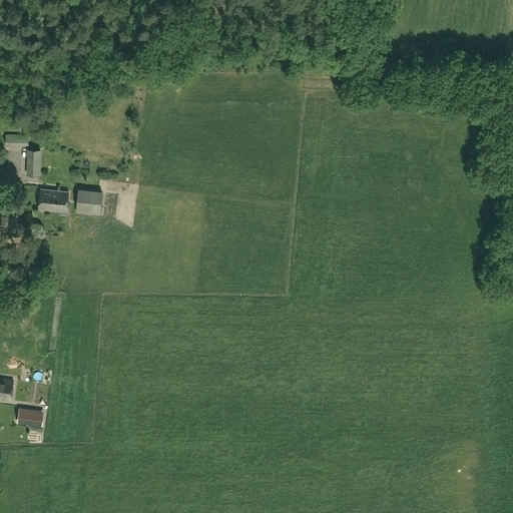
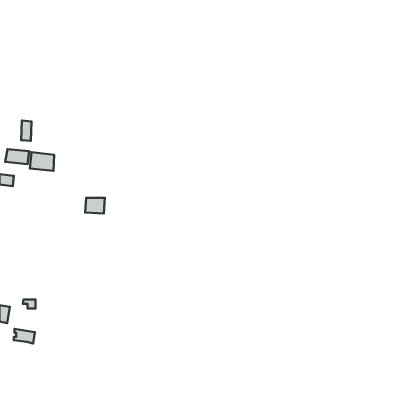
building: none -> [5,149,29,164]
building: [77,193,101,212] -> [85,198,105,213]

